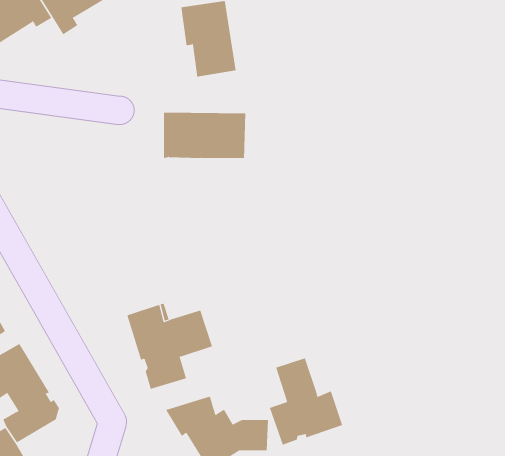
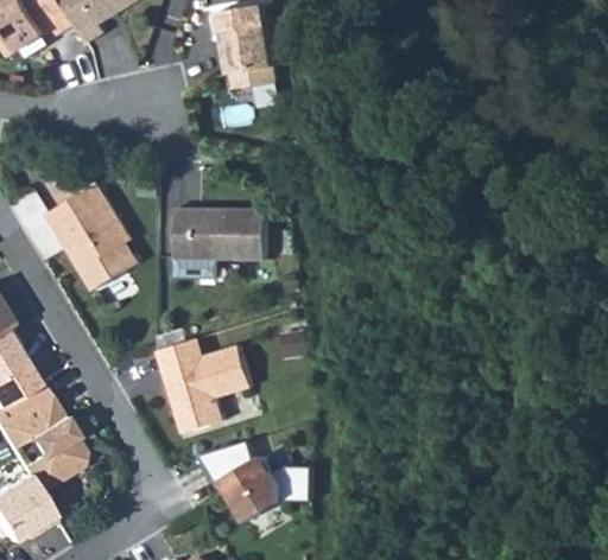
building: [163,112,246,158] -> [173,208,265,259]
building: none -> [45,185,134,289]
building: [269,357,343,446] -> none

